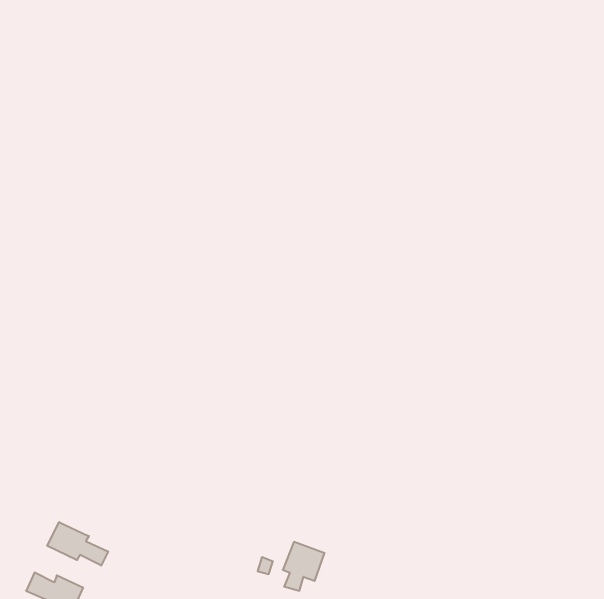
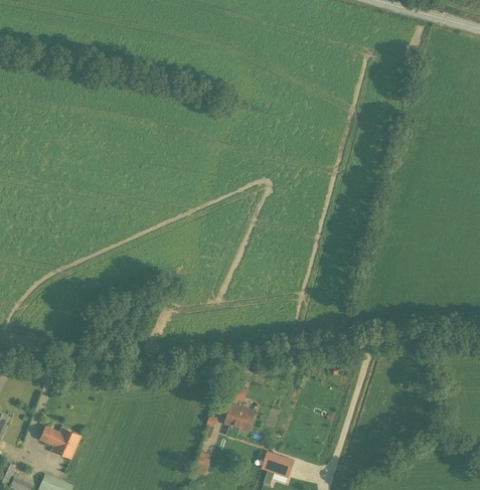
building: [47,522,108,566] -> none

